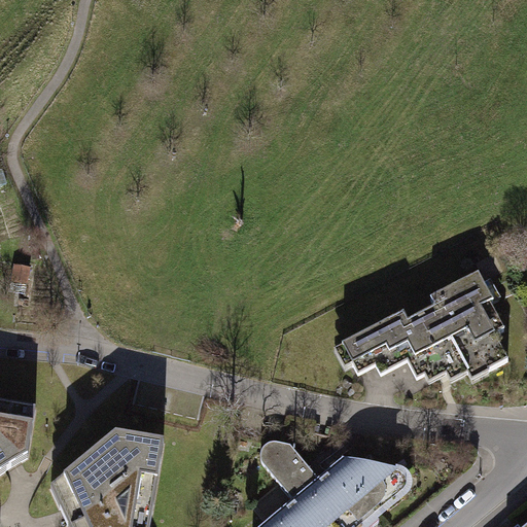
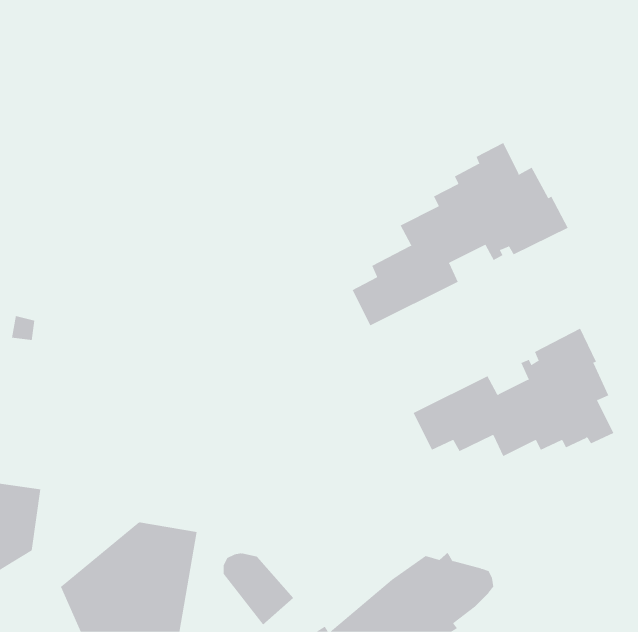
building: none -> [352,142,568,326]
building: [258,437,317,497] -> [223,553,294,625]

